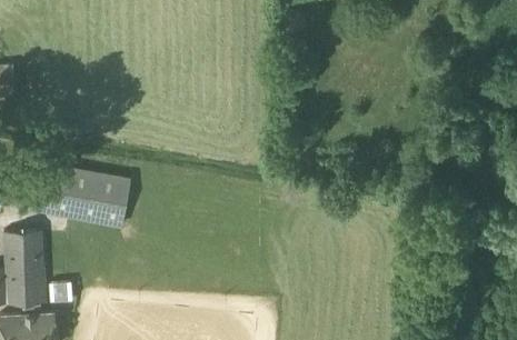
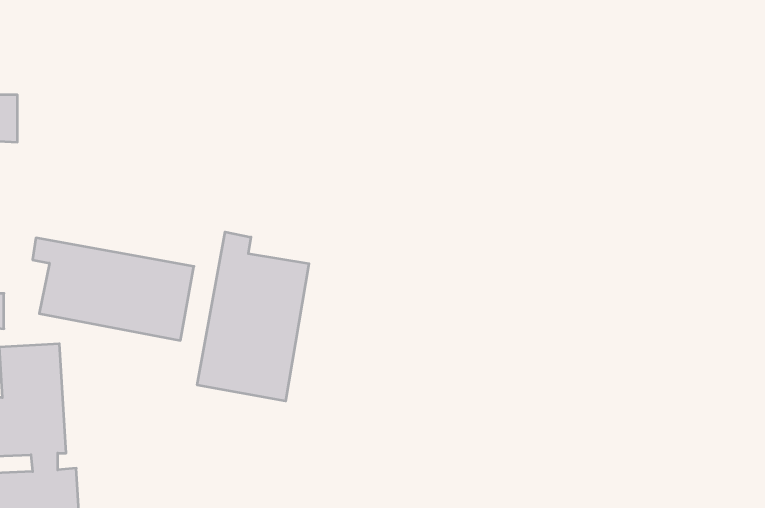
building: none -> [197,232,309,401]

